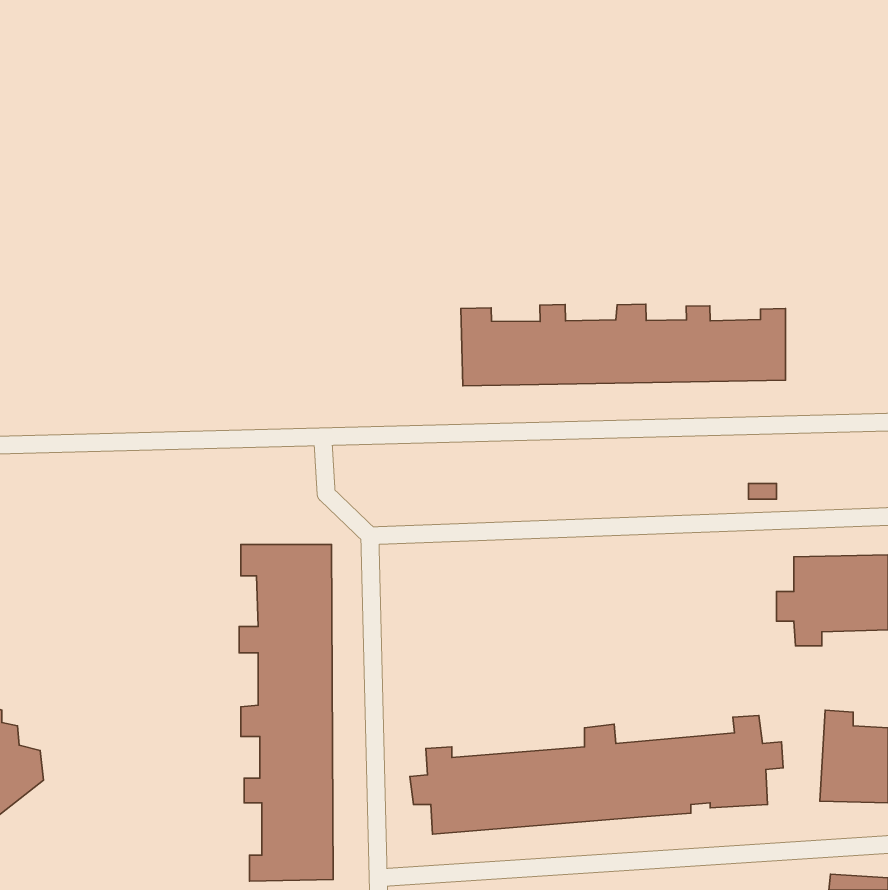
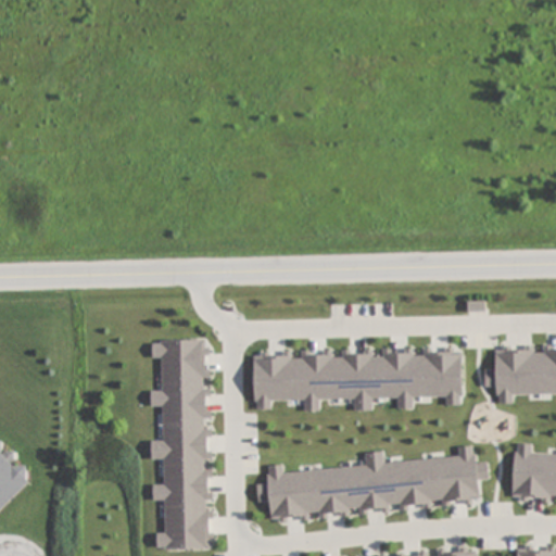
building: [461,304,786,386] -> none
building: none -> [252,348,462,410]

